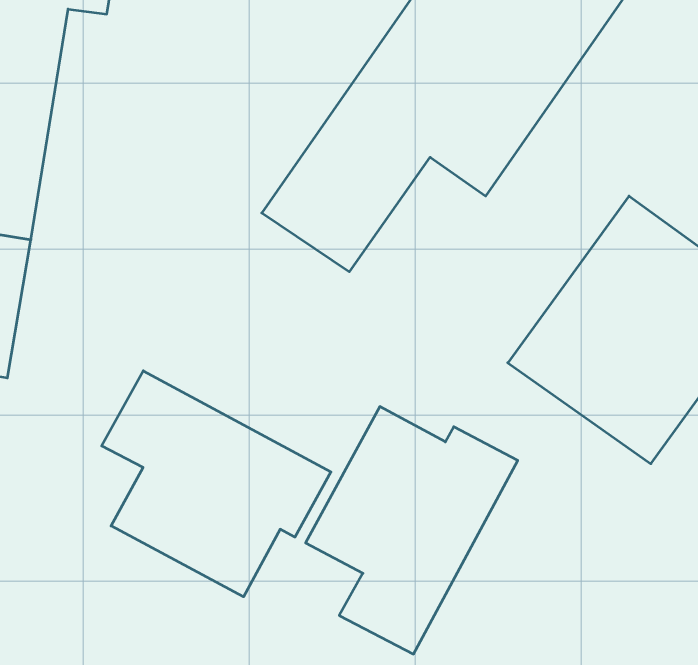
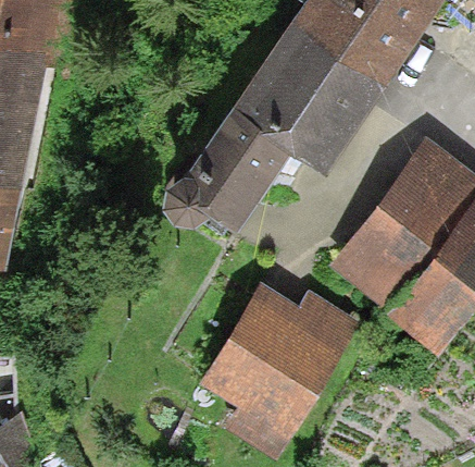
building: [102,371,331,597] -> none

